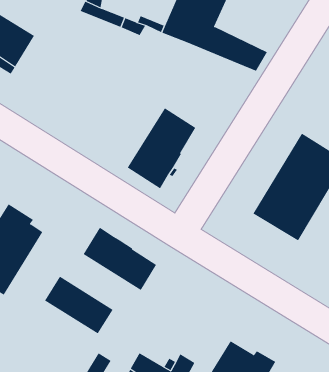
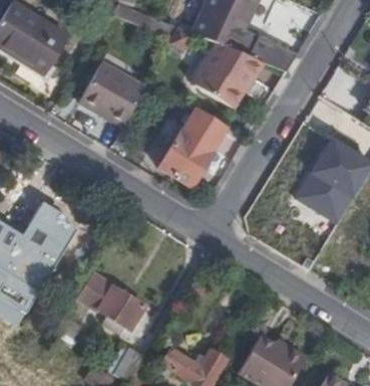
building: none -> [193,44,262,108]
building: none -> [79,62,144,127]
building: [83,227,157,291] -> none

